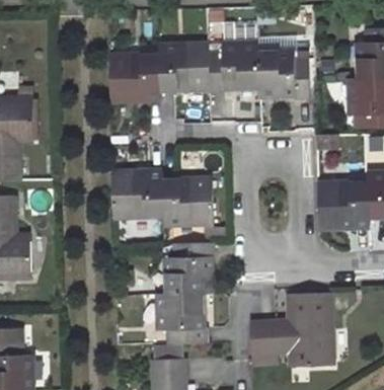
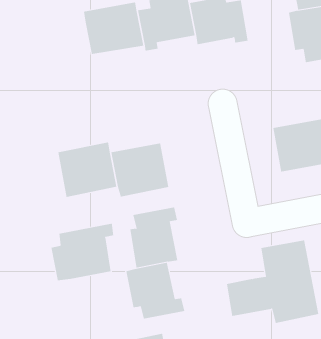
building: [108,55,159,98] -> none
building: none -> [51,223,114,281]

